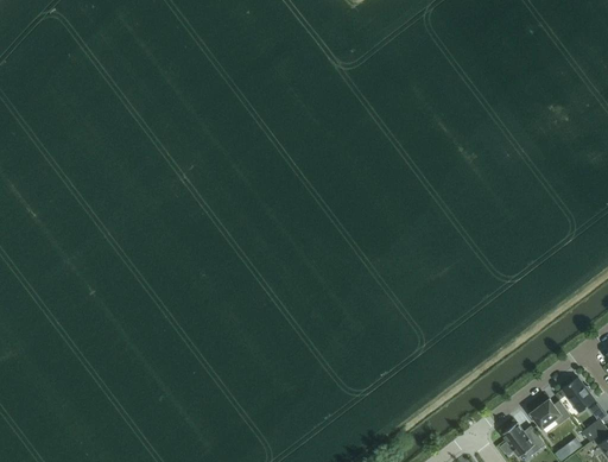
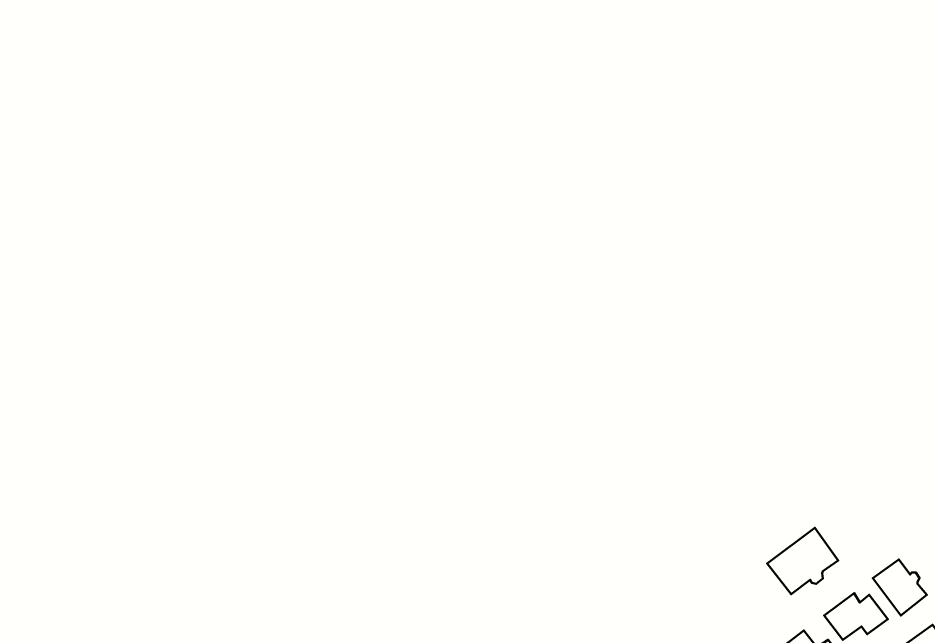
building: none -> [767,528,838,594]

